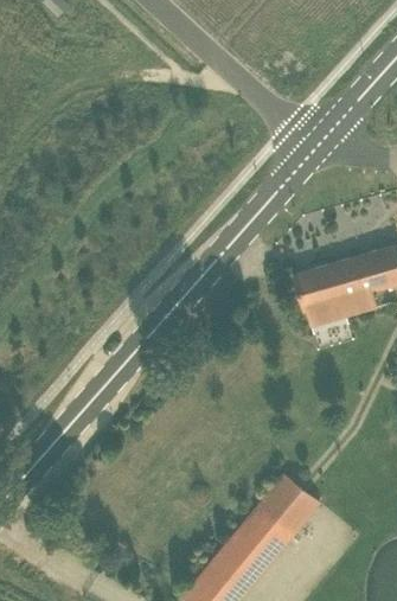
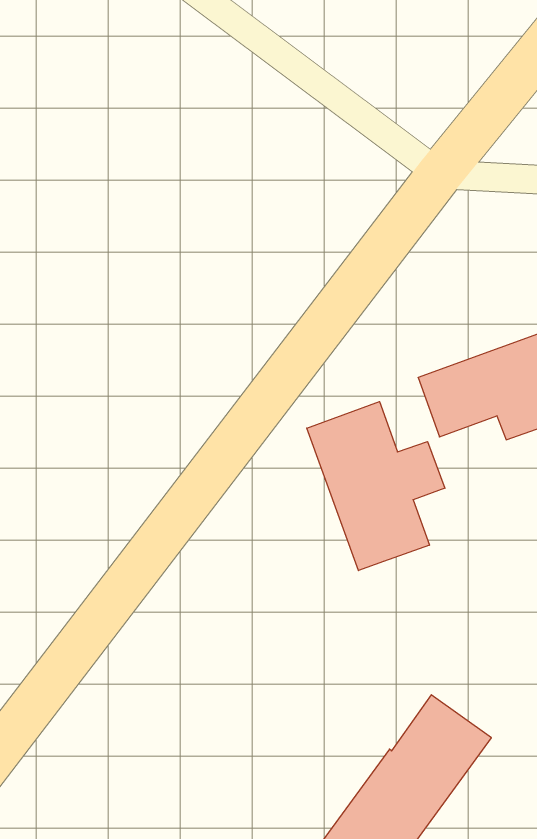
building: none -> [307,402,445,571]

